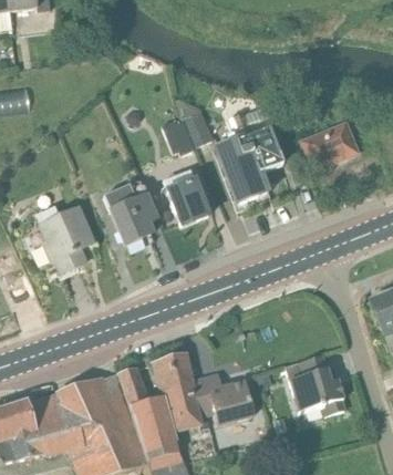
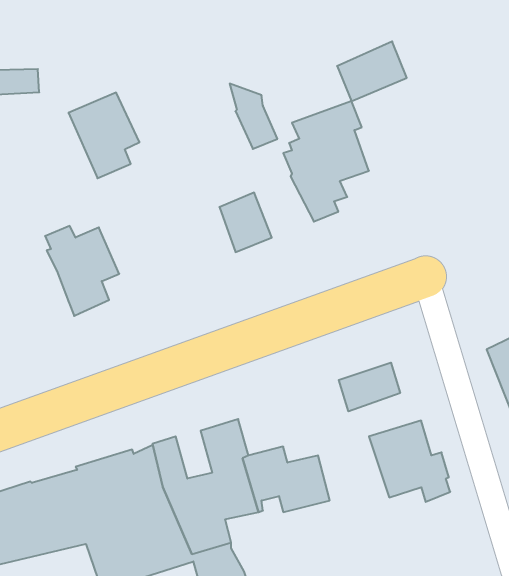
building: [161,120,193,155] -> none
building: [303,122,356,167] -> [337,41,407,101]
building: [104,178,158,244] -> [68,93,140,178]
building: none -> [339,363,400,411]

